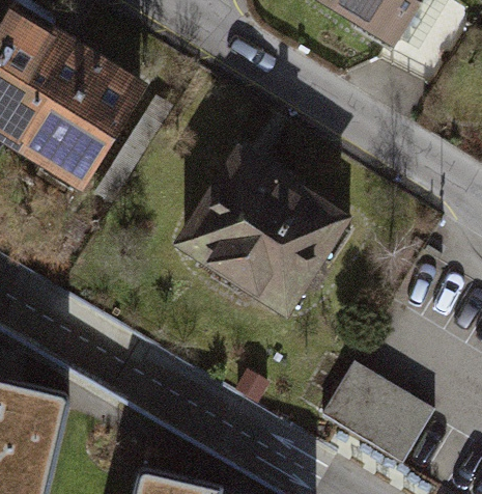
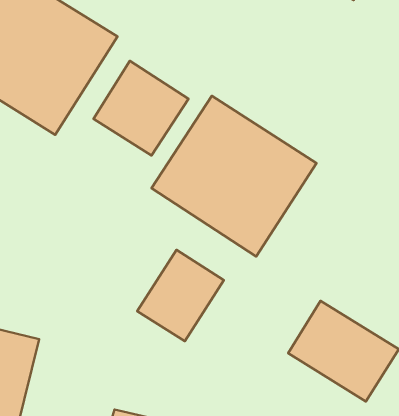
building: none -> [93,61,188,156]
building: none -> [137,250,224,341]

